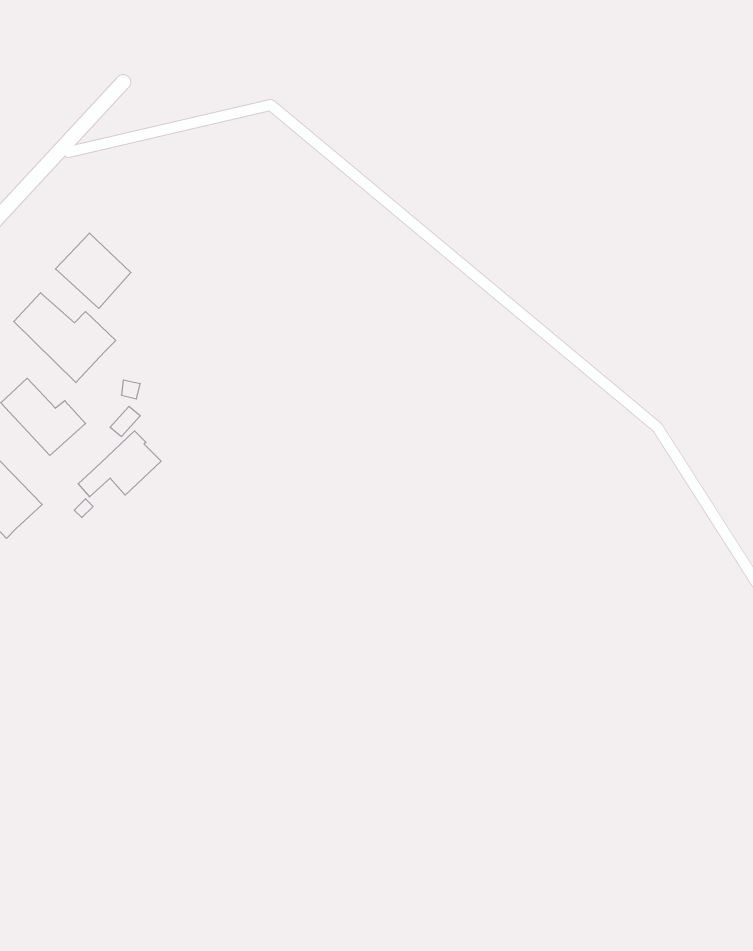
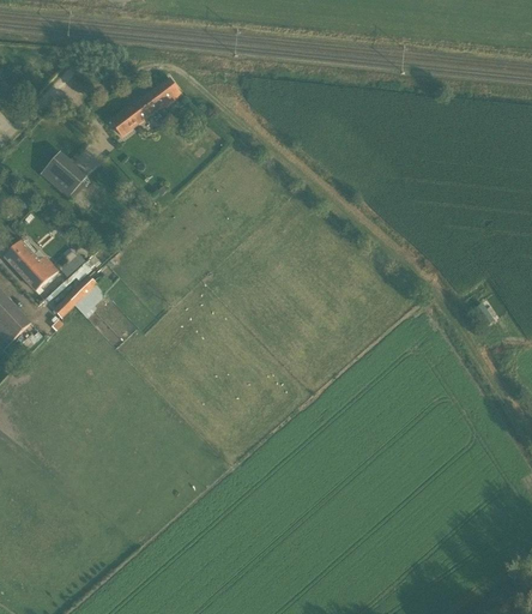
building: none -> [110,77,181,136]
building: [14,293,116,383] -> none

